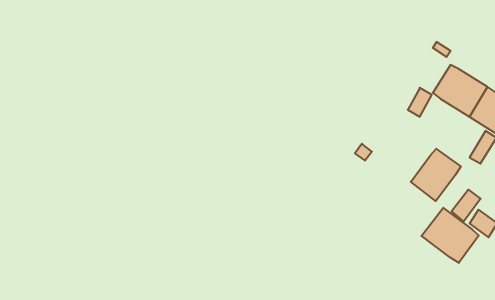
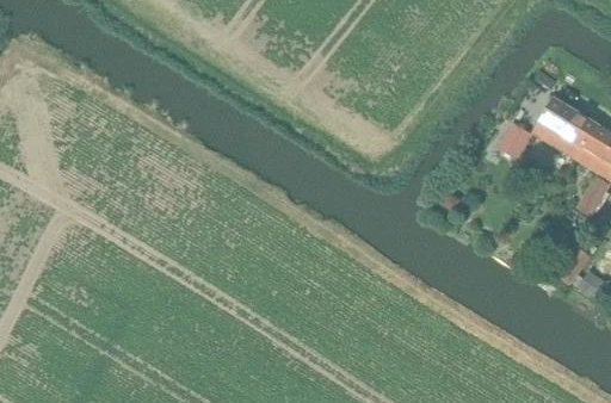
building: [411,149,461,201] -> none
building: [421,208,479,263] -> none

